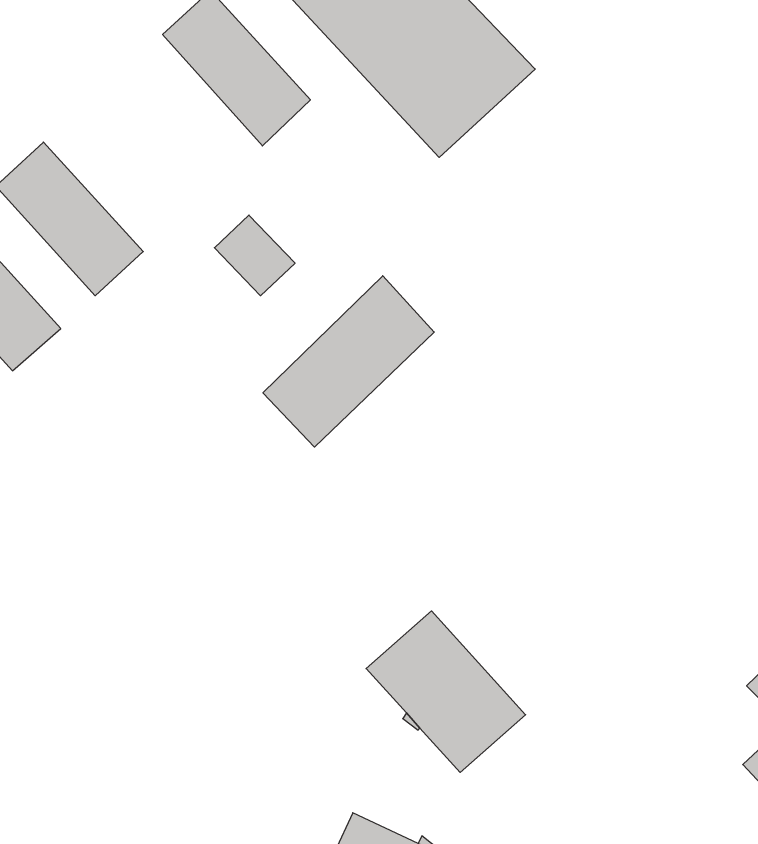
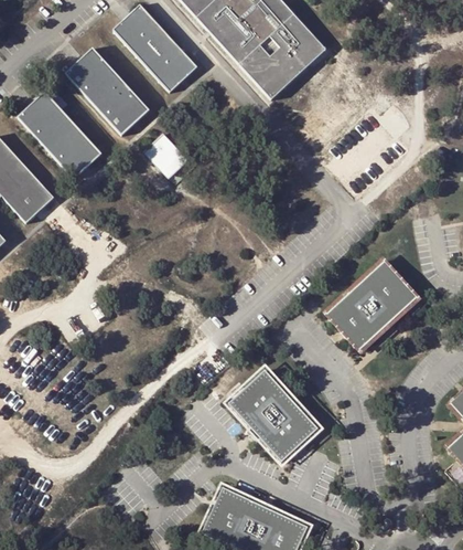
building: none -> [66,49,151,138]
building: [263,276,434,447] -> none
building: none -> [329,253,421,343]

